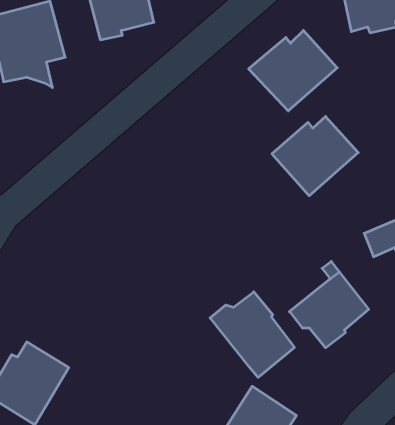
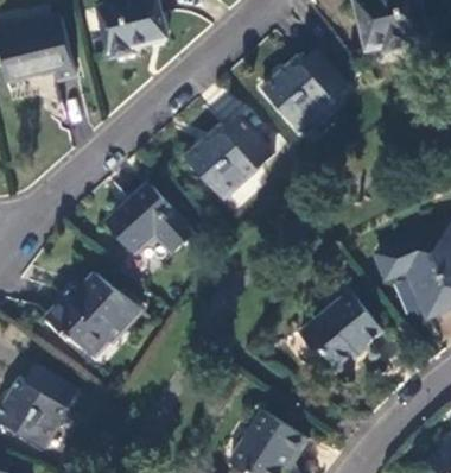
building: [272,116,358,196] -> [184,118,272,198]
building: none -> [107,185,193,252]
building: none -> [44,272,139,353]
building: [210,292,294,377] -> none

